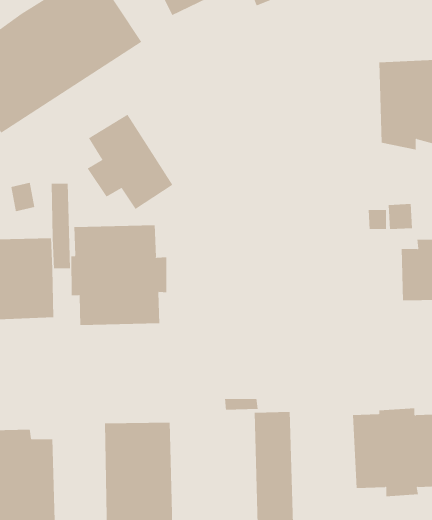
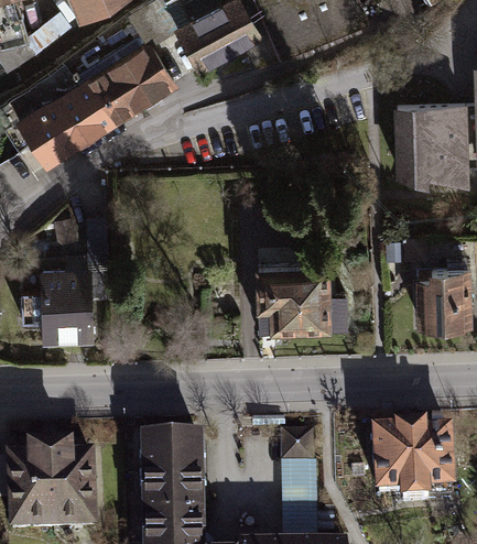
building: [87,114,173,210] -> none
building: [71,225,167,326] -> none
building: none -> [257,263,350,334]

